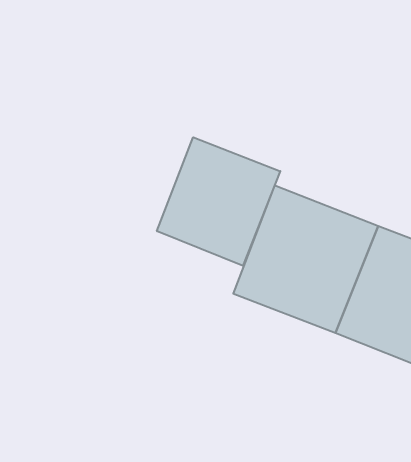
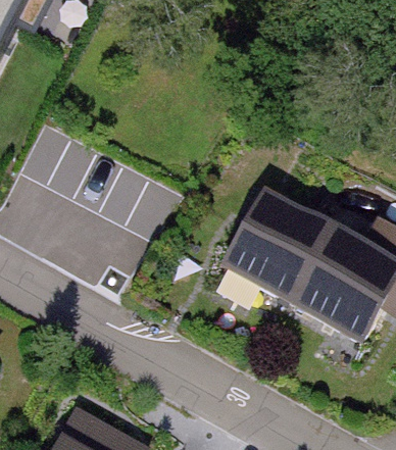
building: [157,137,280,266] -> none

